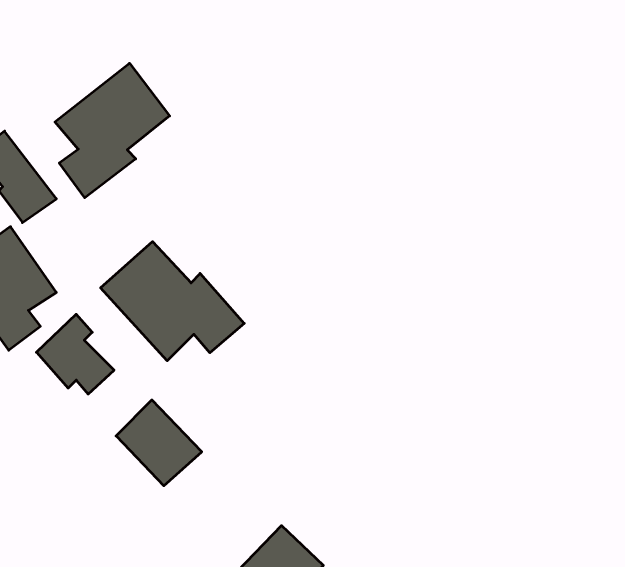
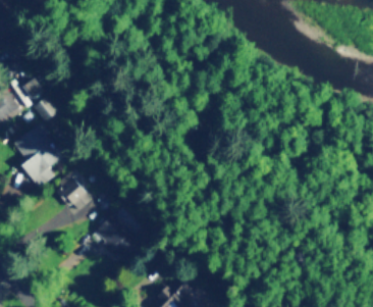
building: [55,63,170,198] -> none
building: [101,242,244,361] -> none

